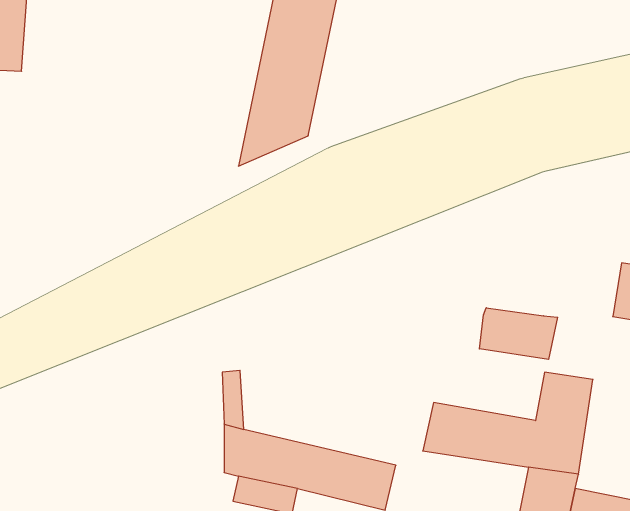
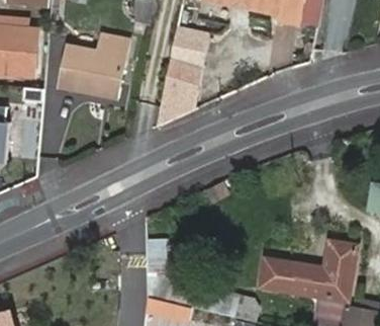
building: none -> [60,47,122,96]
building: [479,308,558,359] -> none

